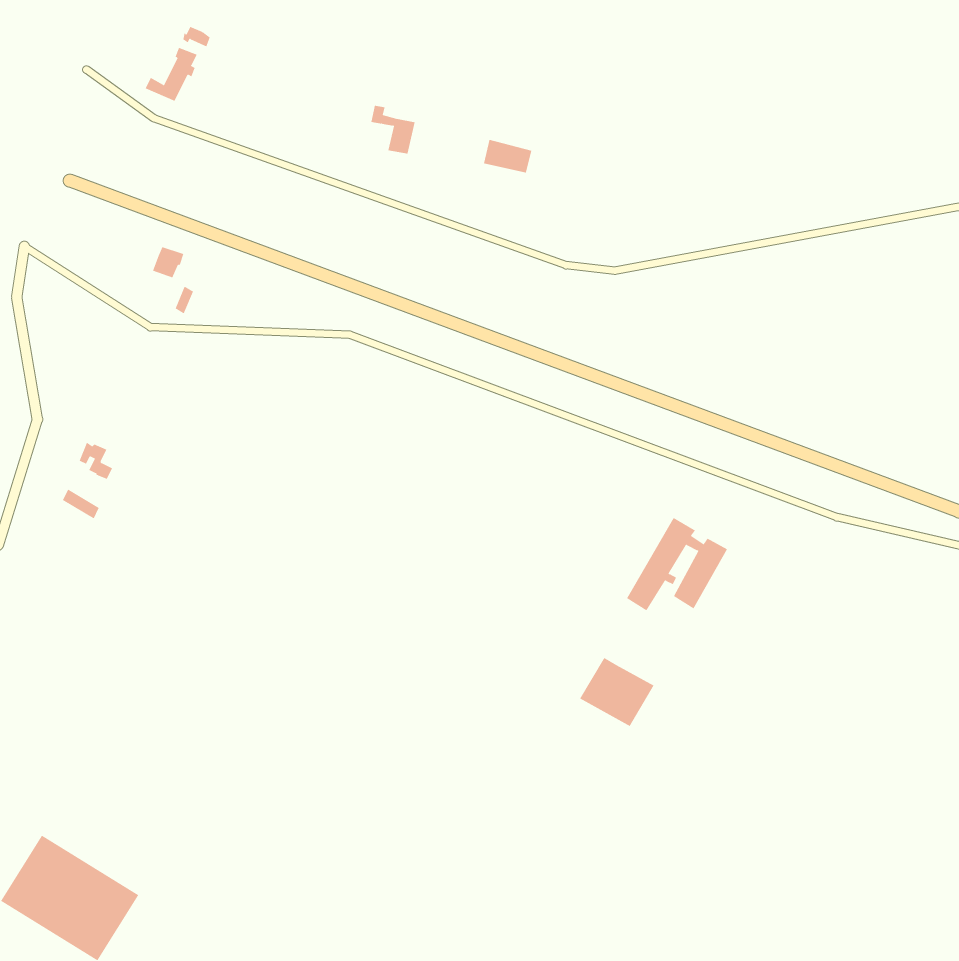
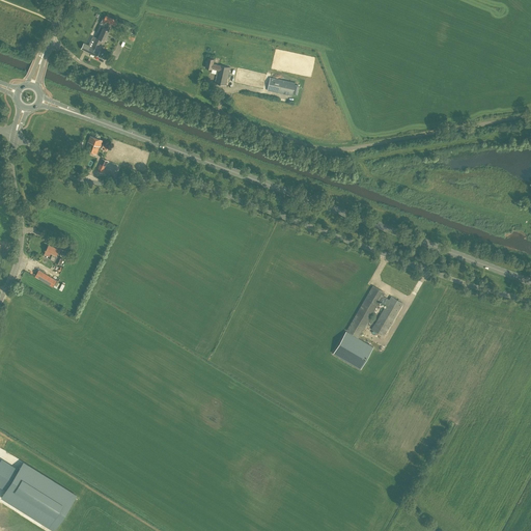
building: [579,657,655,727] -> [332,331,373,369]

